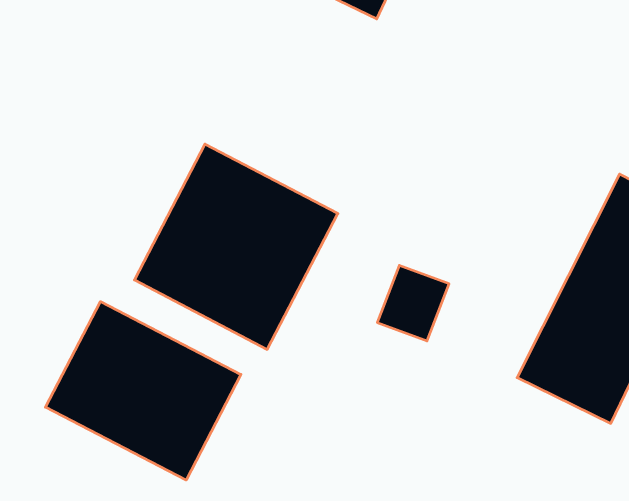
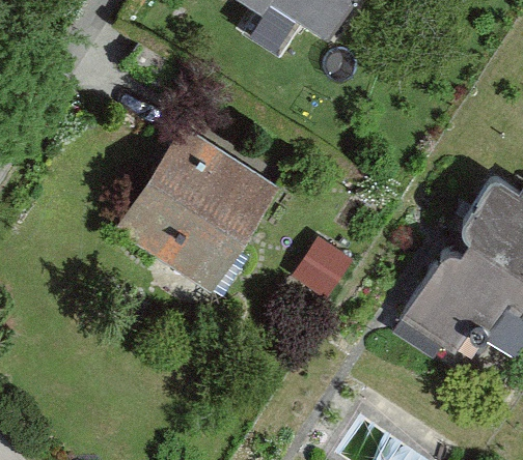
building: [45,302,241,480] -> none

